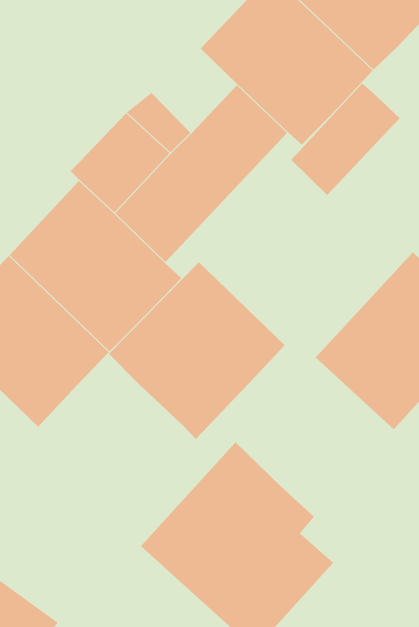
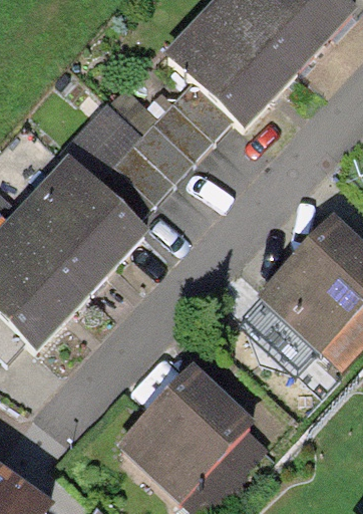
building: [290,83,400,196] -> none
building: [108,262,286,440] -> none

